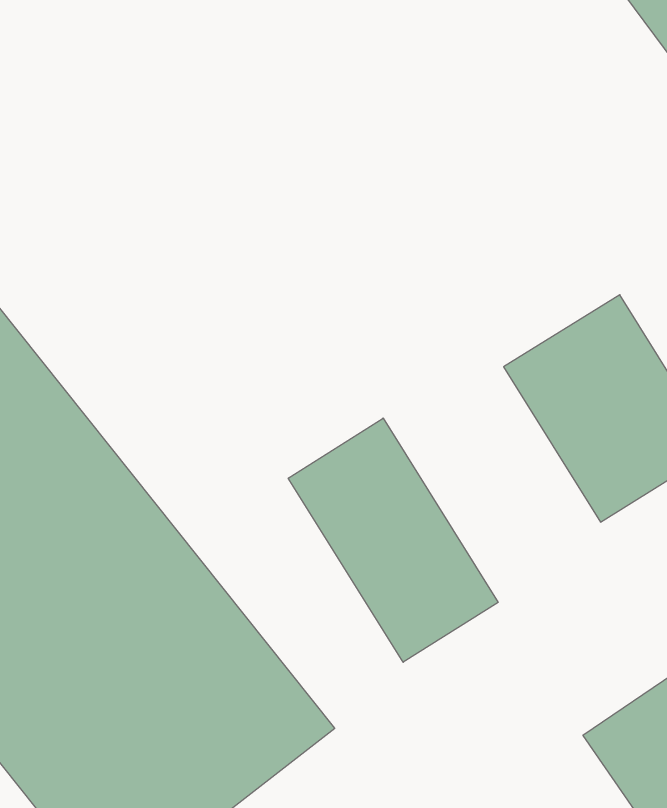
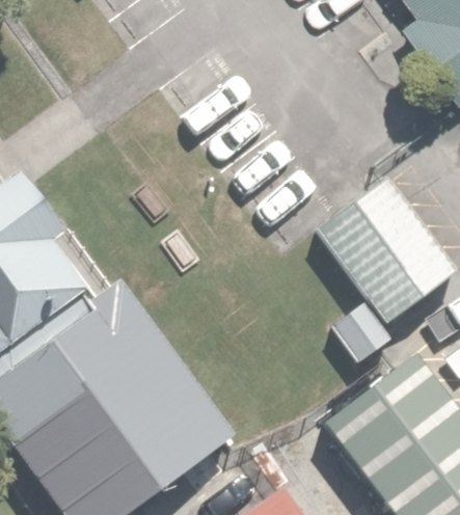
building: [288,418,498,662] -> none

